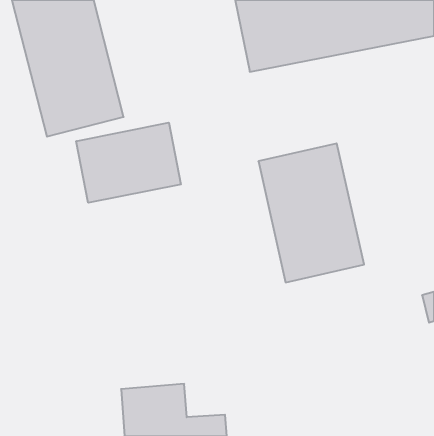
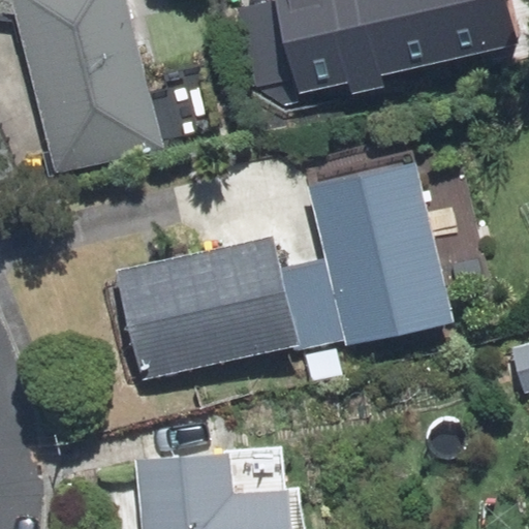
building: [76,123,181,203] -> none
building: none -> [129,250,279,373]

